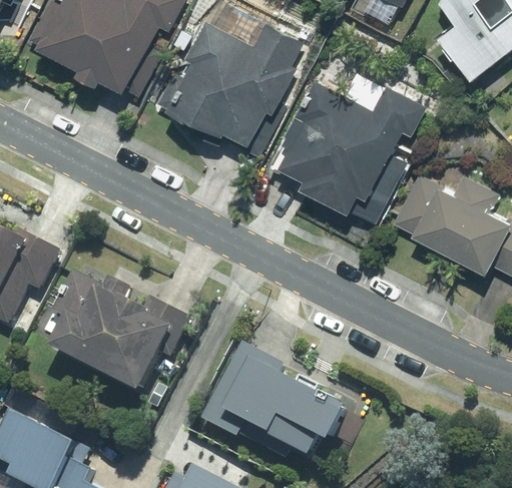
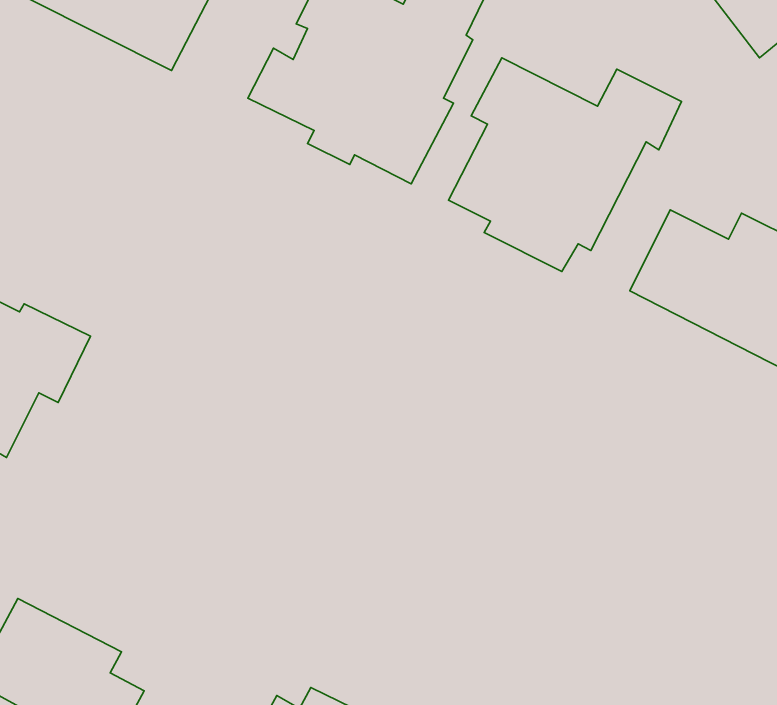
building: [51,272,191,394] -> none
building: [202,343,352,462] -> none

